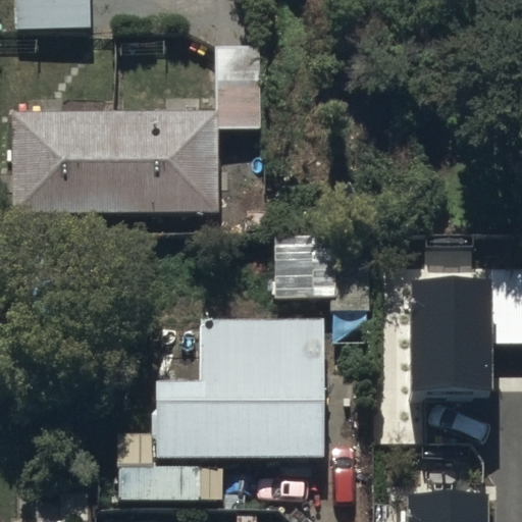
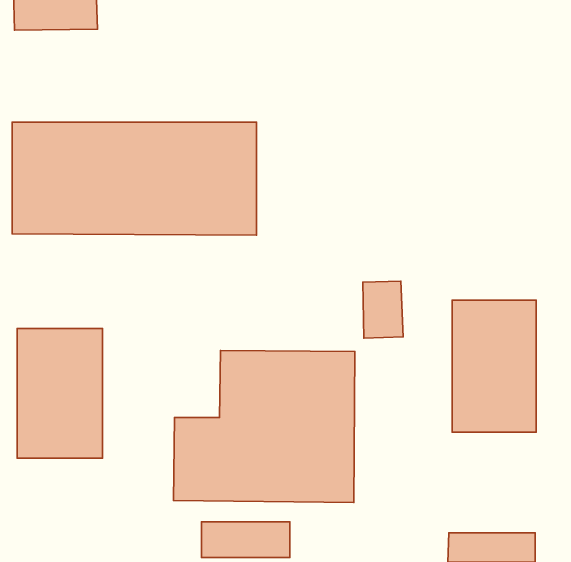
building: none -> [17,328,103,458]

